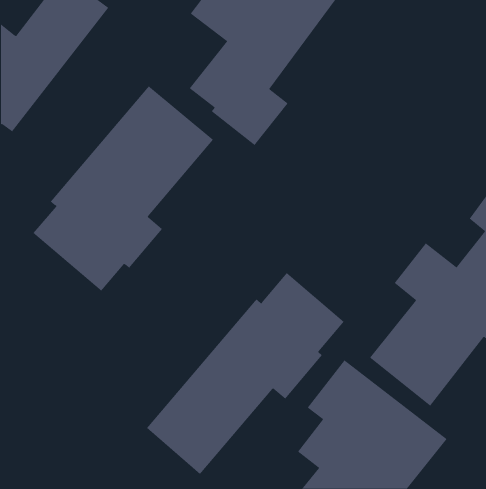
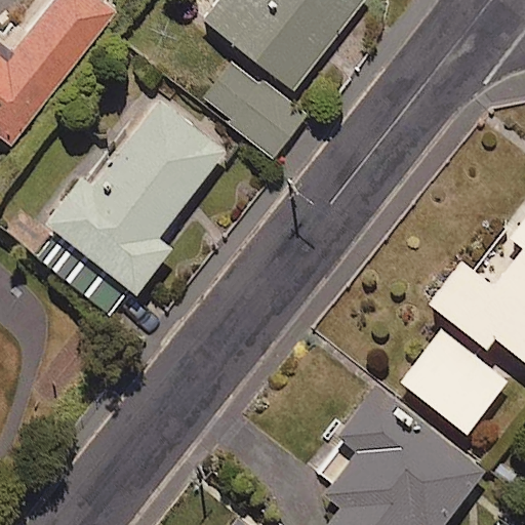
building: [146,272,344,475] -> none

